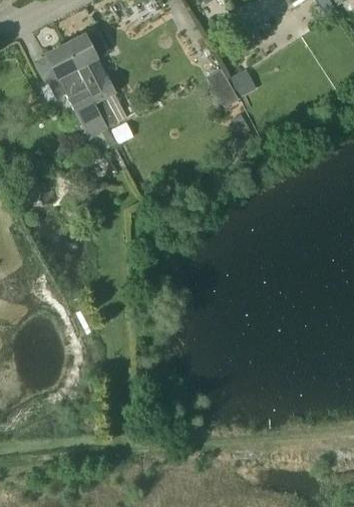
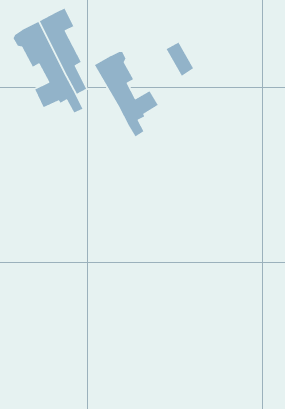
building: none -> [94,51,159,138]

